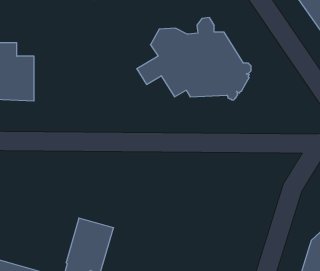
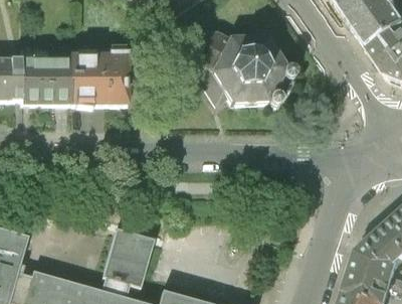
building: none -> [68,50,128,106]

